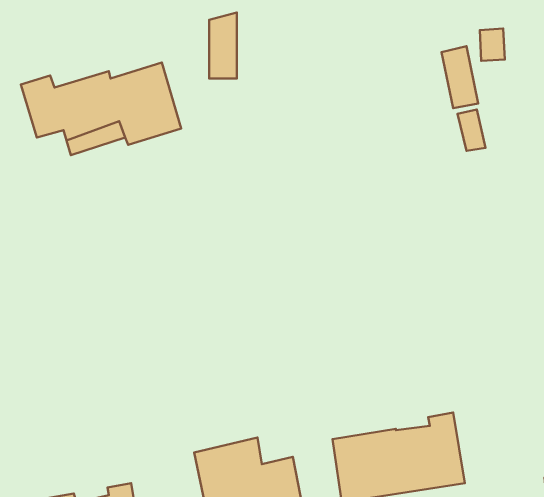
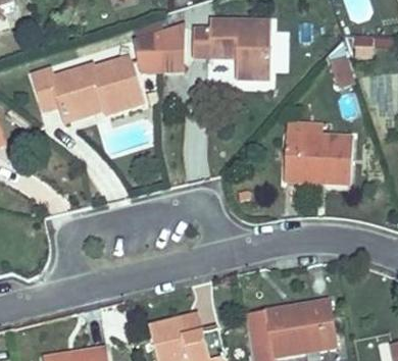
building: none -> [193,17,273,76]
building: none -> [137,27,164,68]
building: none -> [281,138,348,189]

